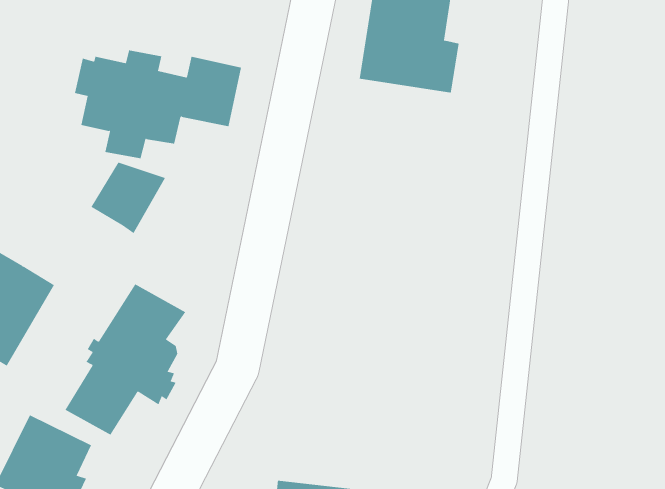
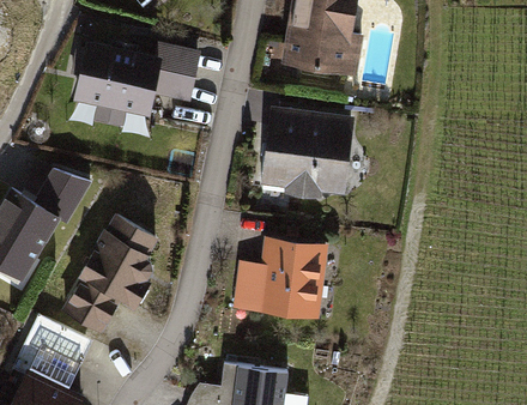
building: none -> [259,111,347,195]
building: [91,162,166,234] -> [32,170,89,224]
building: none -> [236,244,320,314]

